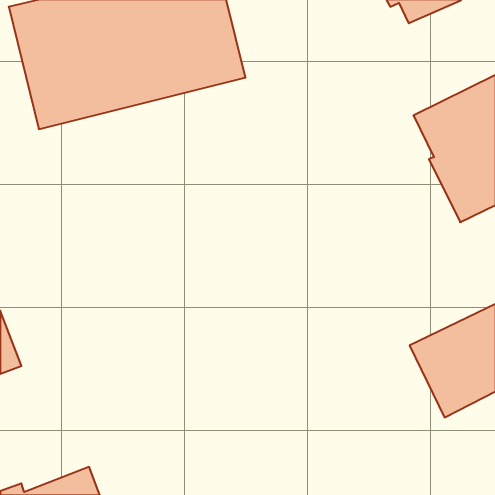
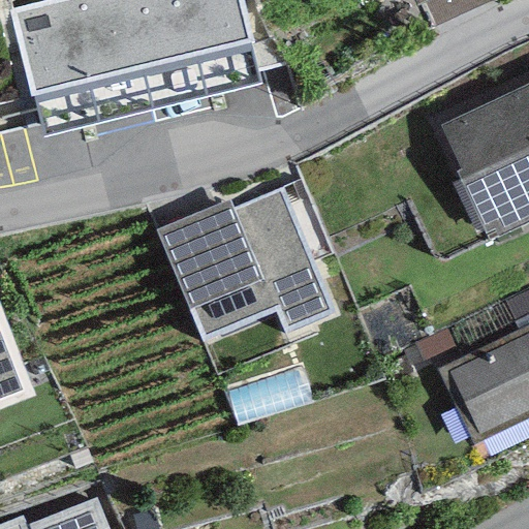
building: none -> [156,187,336,342]

